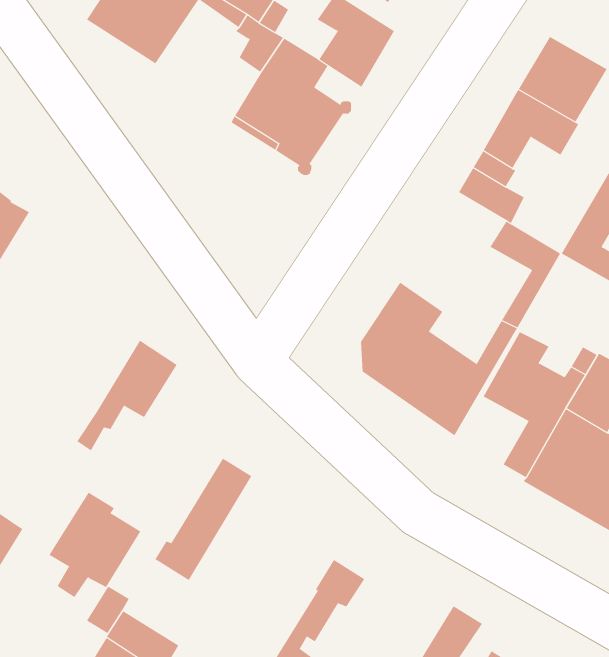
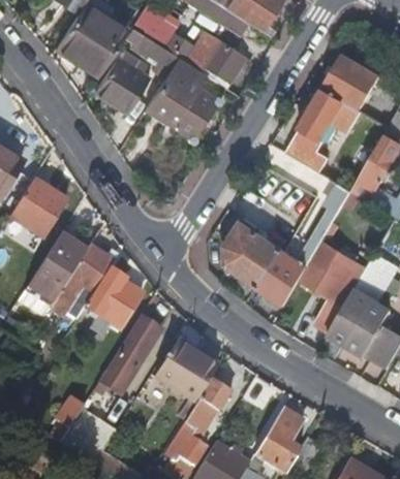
building: none -> [94,50,147,110]
building: none -> [8,181,64,238]
building: none -> [35,235,85,290]
building: [48,492,141,598] -> [82,269,140,336]
building: none -> [155,341,218,403]

